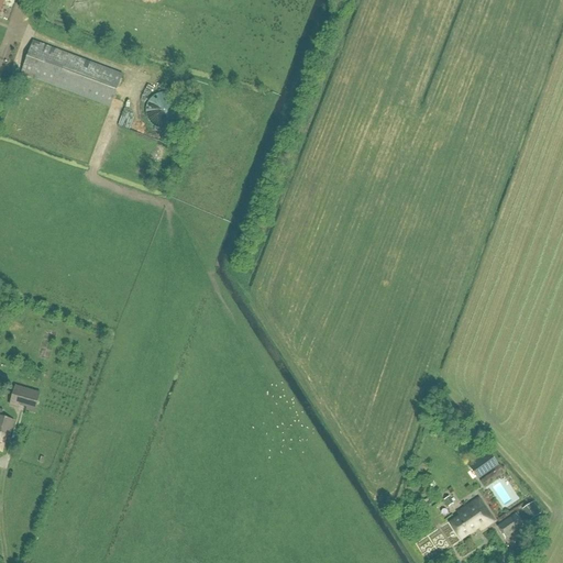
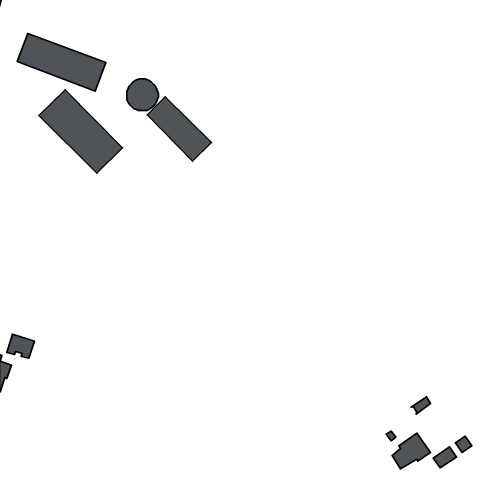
building: none -> [39,90,122,173]
building: none -> [147,97,211,161]

